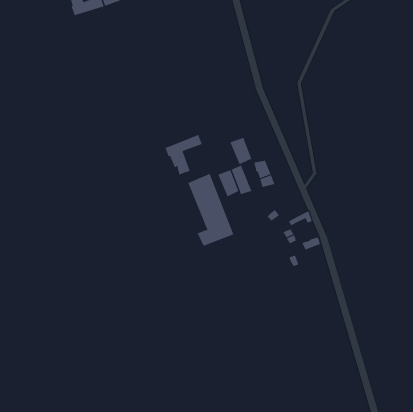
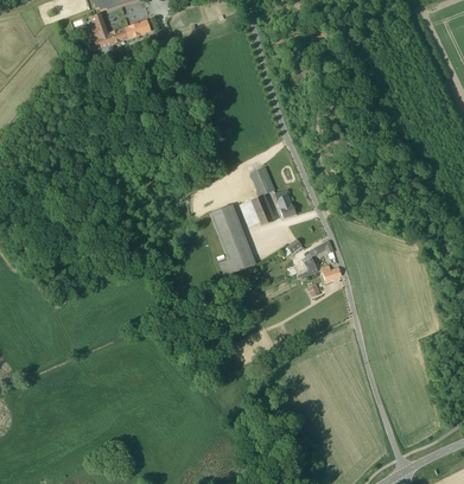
building: [165,134,203,175] -> none

